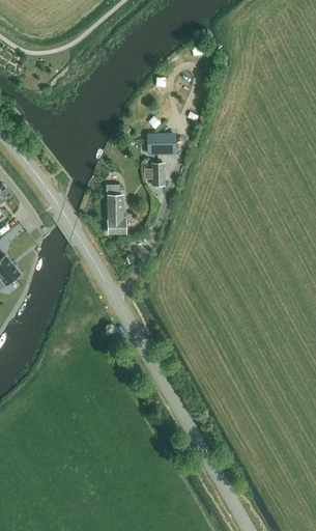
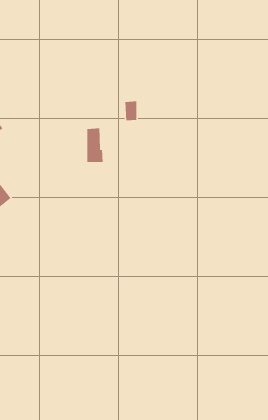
building: [147,137,175,152] -> none

